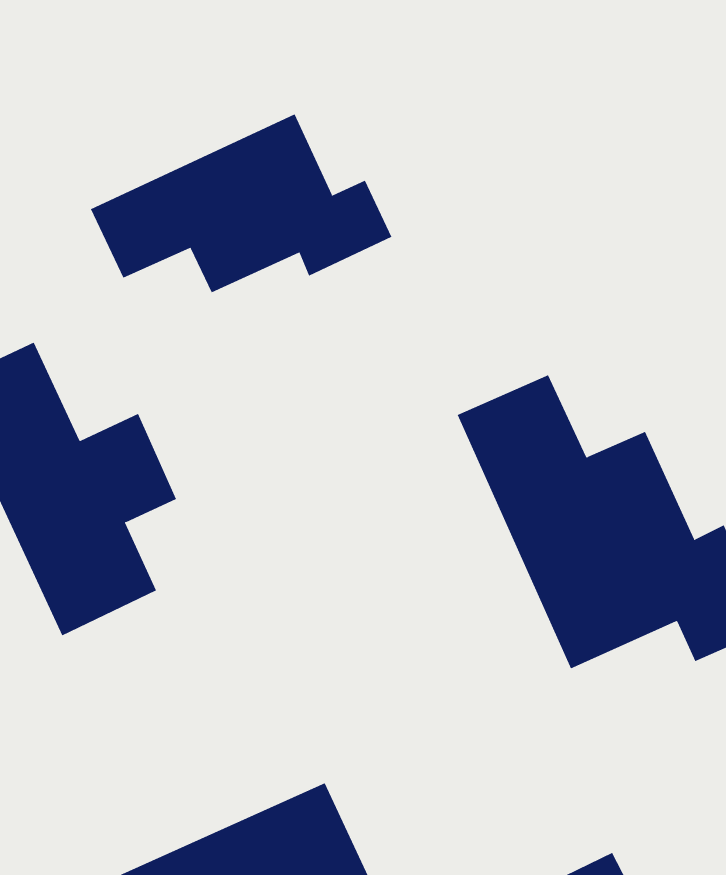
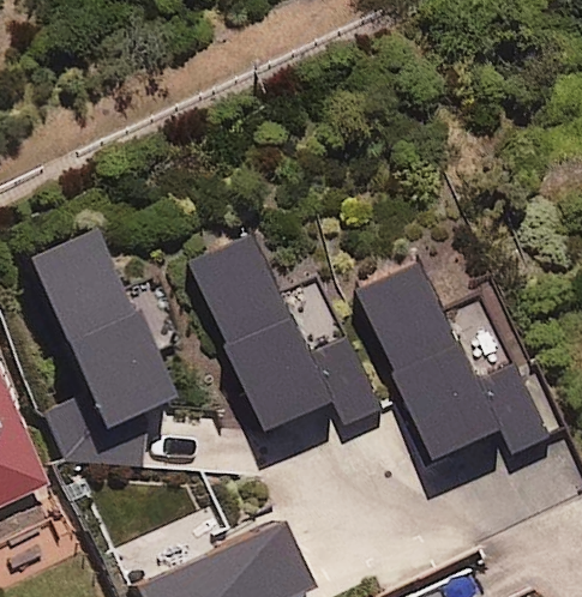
building: [90,113,392,293] -> none
building: none -> [191,237,377,428]

